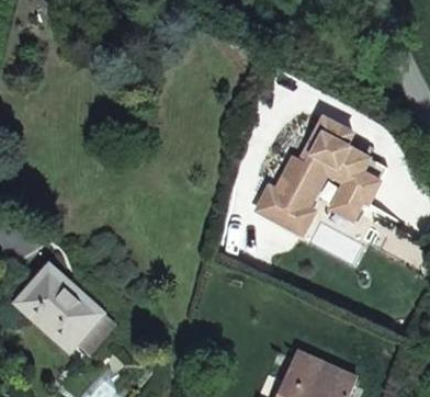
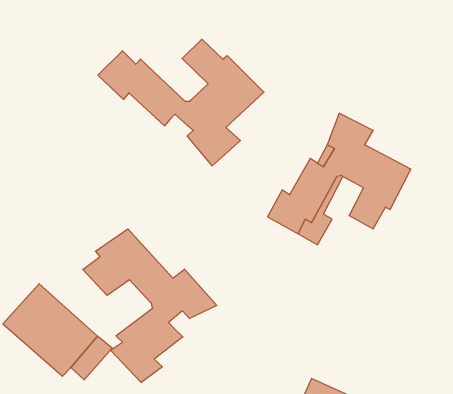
building: none -> [98,39,264,166]
building: none -> [83,229,217,383]

